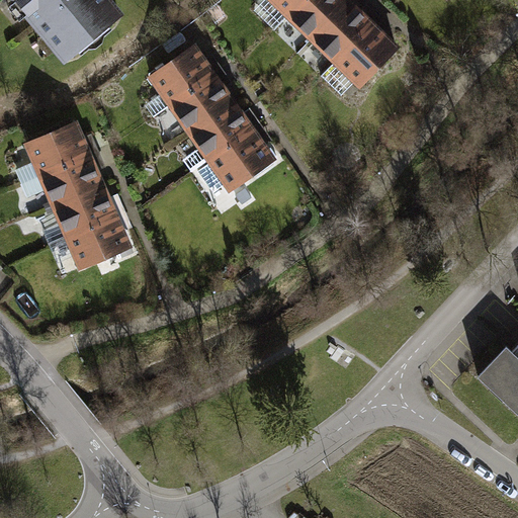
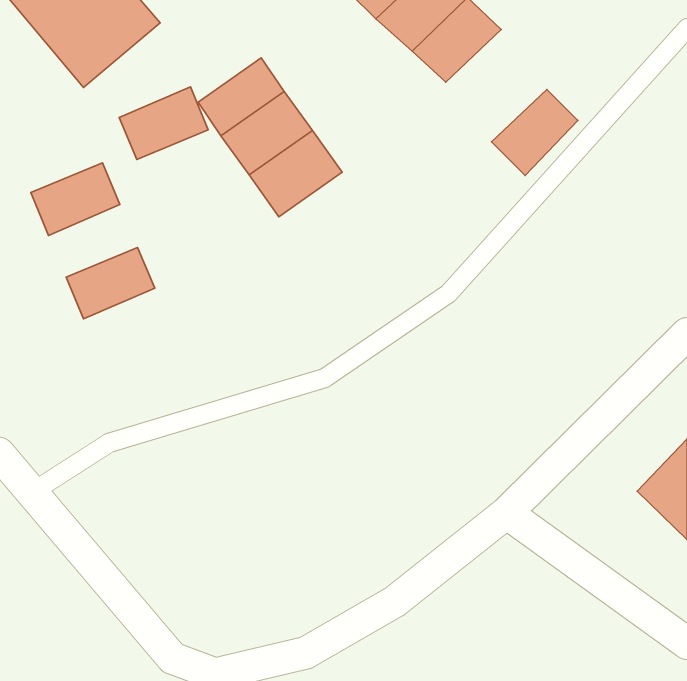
building: [335,22,400,87] -> [491,89,578,176]
building: [209,130,278,193] -> none
building: [36,154,103,208] -> [119,87,208,159]
building: [63,217,133,276] -> none

